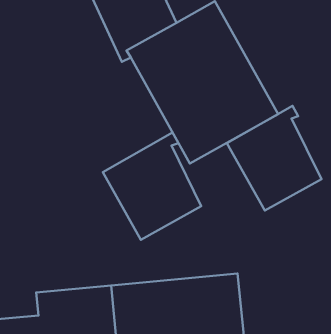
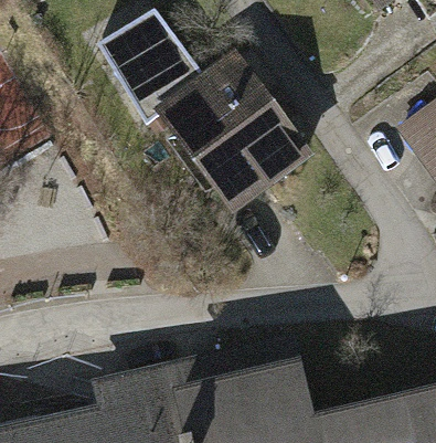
building: [227,106,321,211] -> none
building: [103,133,201,240] -> none

